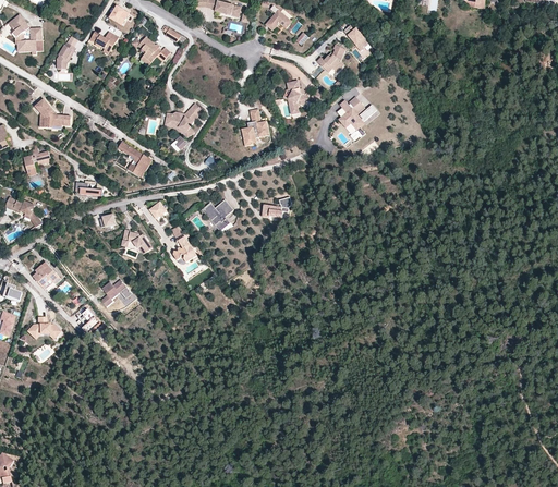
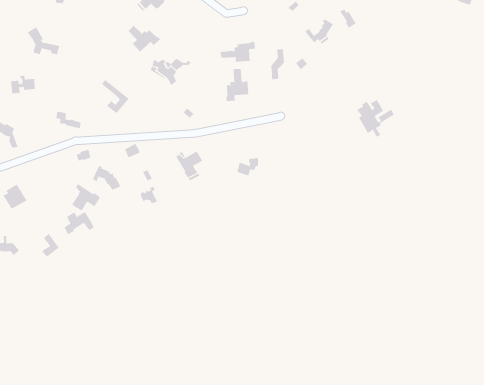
building: none -> [220,41,256,62]
building: none -> [128,25,161,52]
building: [336,97,376,136] -> [356,99,395,137]
building: none -> [71,183,101,212]

